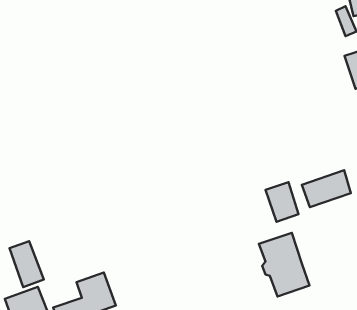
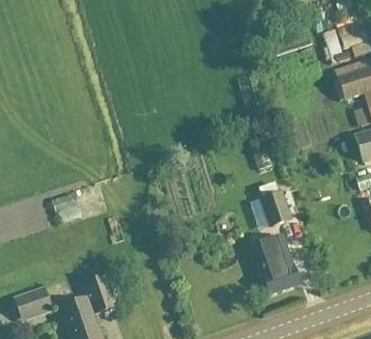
building: [302,170,351,207] -> none
building: [9,241,44,287] -> none

